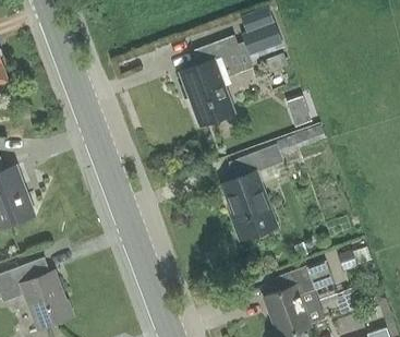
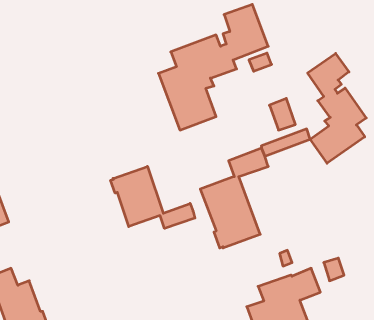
building: none -> [308,53,366,163]
building: none -> [111,166,195,228]

